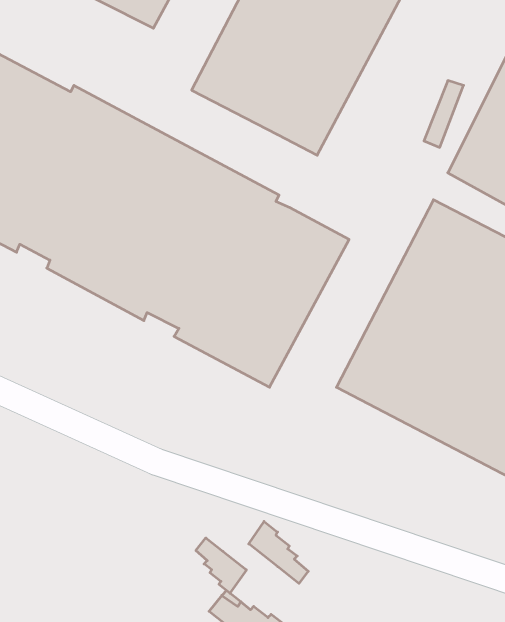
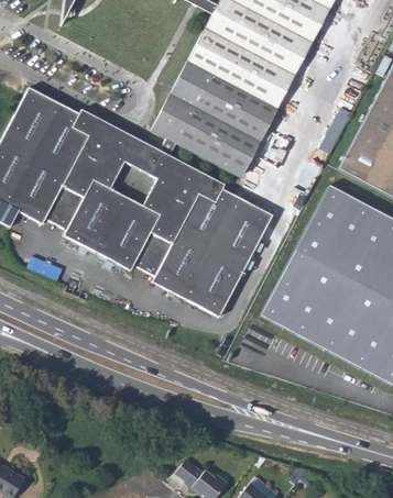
building: none -> [154,111,250,175]
building: [249,521,308,583] -> none
building: [196,538,246,593] -> none

